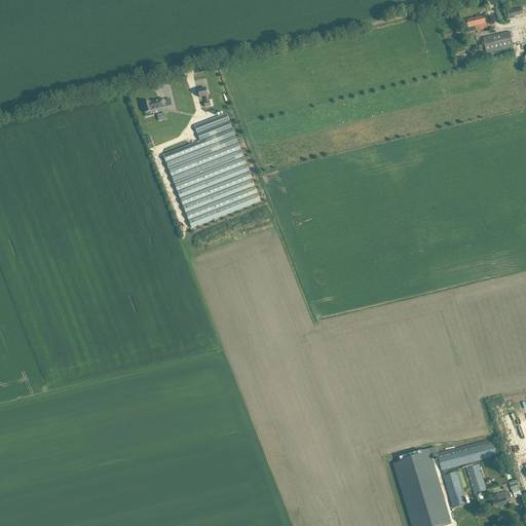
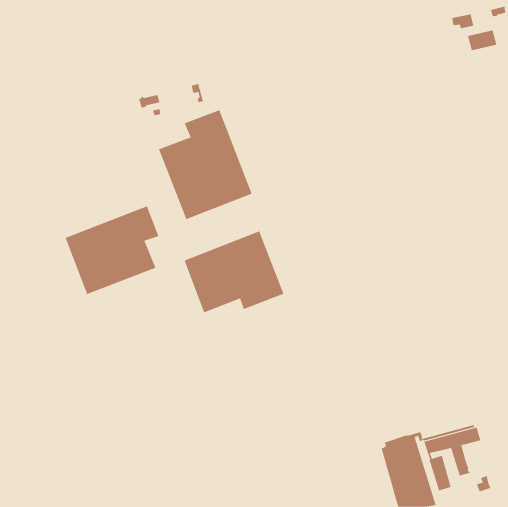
building: none -> [65,206,159,295]
building: none -> [184,231,284,313]

